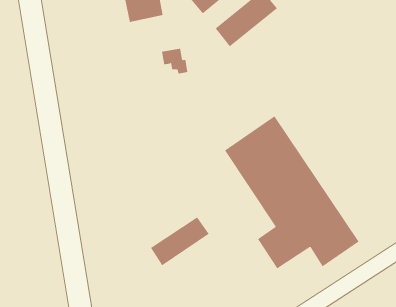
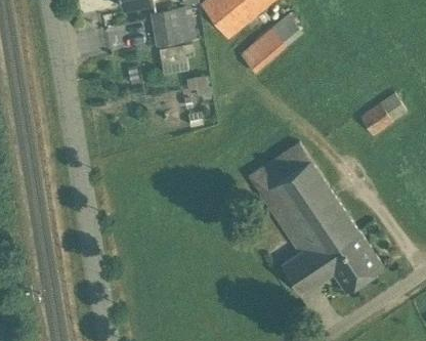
building: none -> [360,91,407,134]
building: [150,217,209,266] -> none

